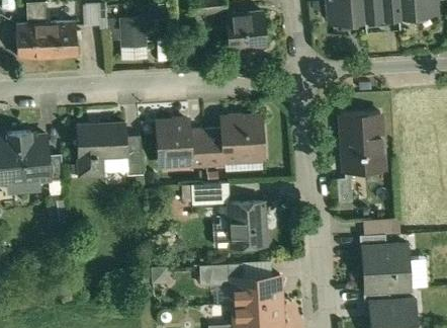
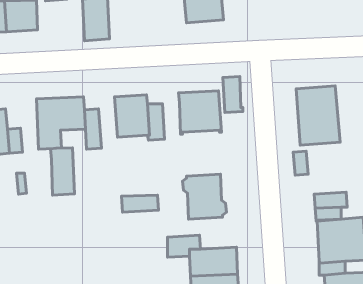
building: [204,130,225,166] -> [223,76,243,112]
building: none -> [51,148,74,195]
building: [191,183,229,200] -> [121,195,158,212]

